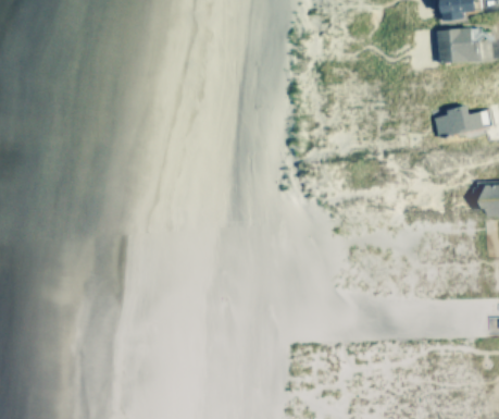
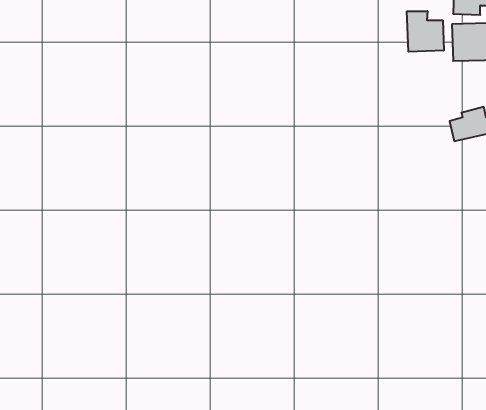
building: none -> [407,11,444,52]

